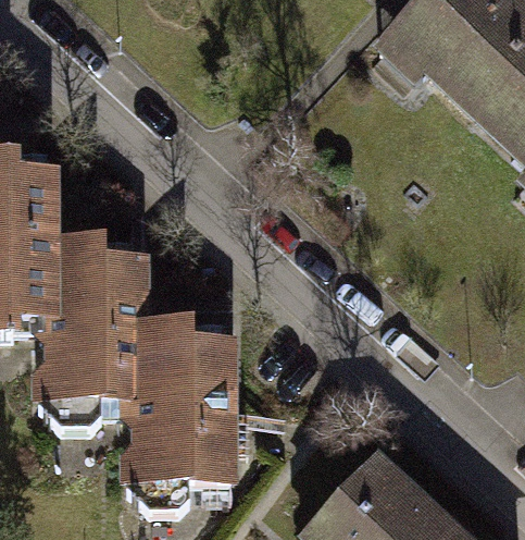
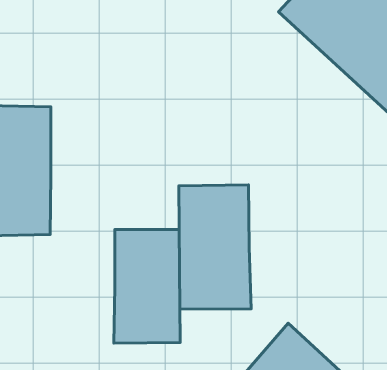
building: [66,256,157,408] -> none
building: none -> [179,185,251,309]

